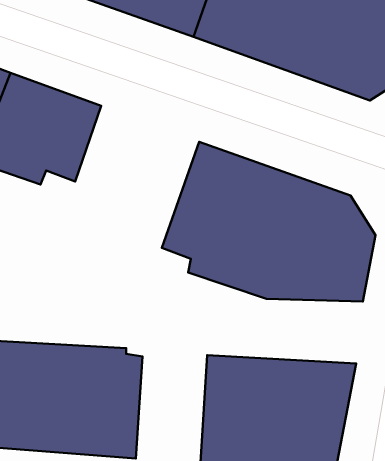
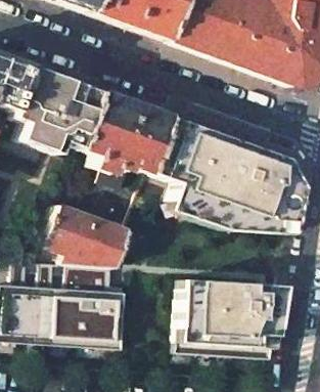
building: none -> [77,89,169,187]
building: none -> [35,203,129,269]

